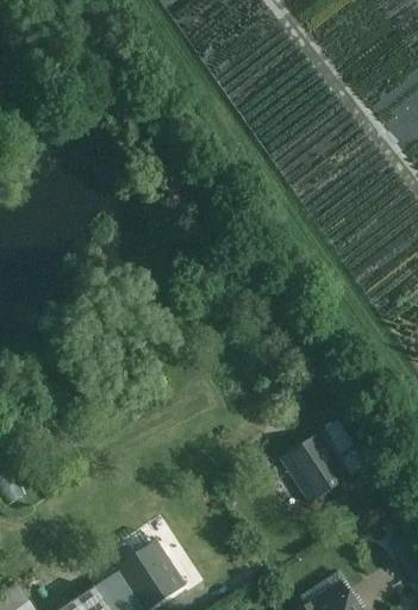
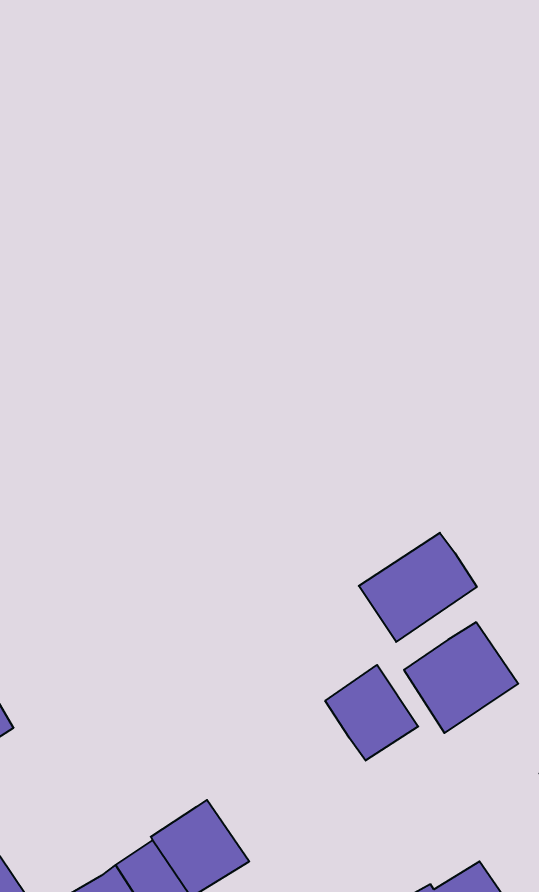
building: none -> [359,533,477,642]
building: none -> [325,665,418,761]

